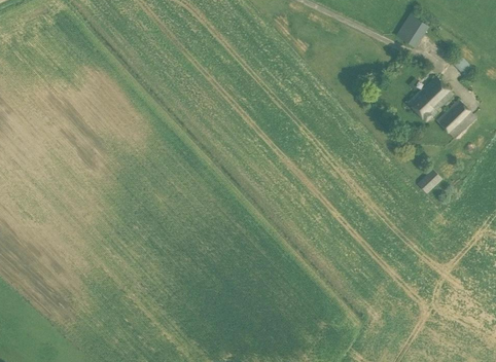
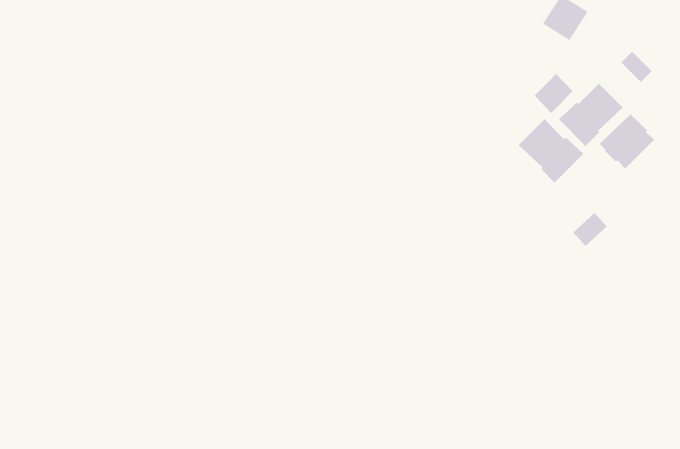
building: none -> [534,73,574,114]
building: none -> [518,119,584,183]

